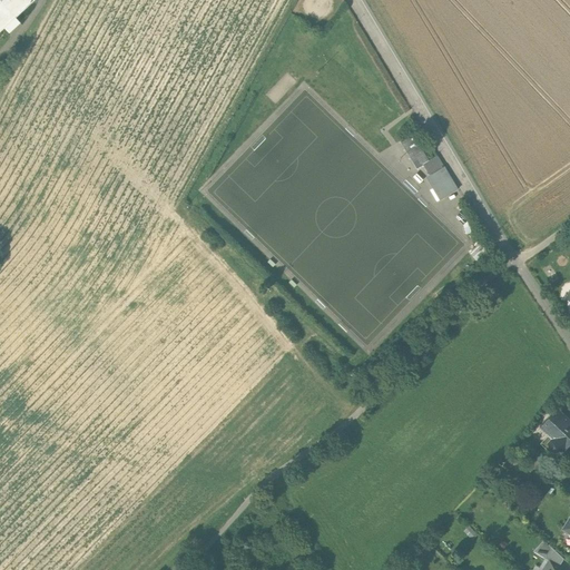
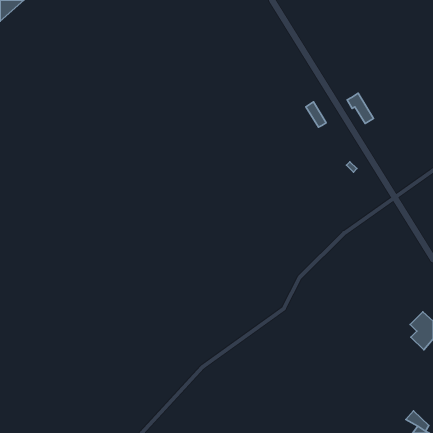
building: [423,156,458,196] -> [347,93,373,124]

